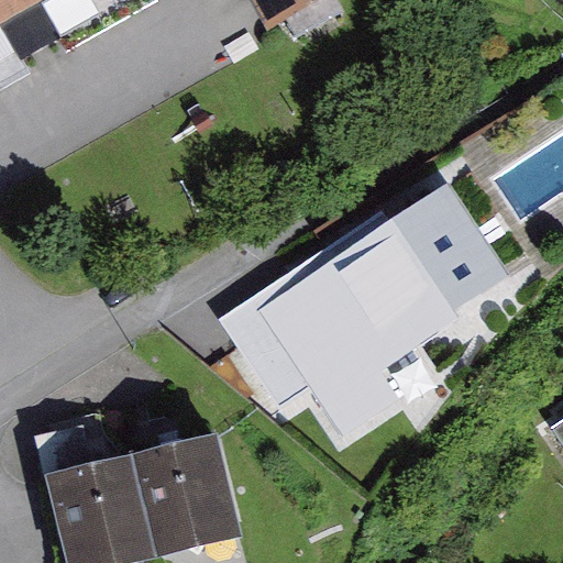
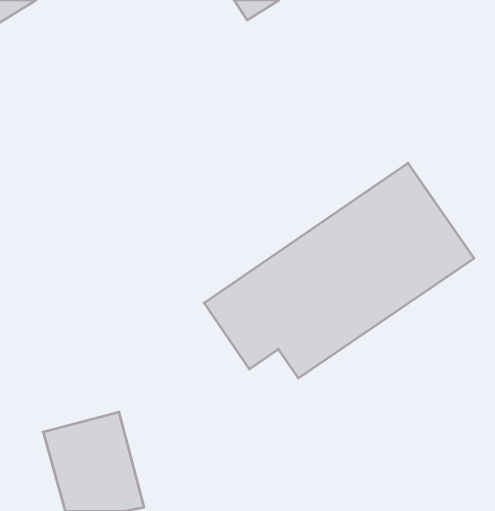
building: [131,430,241,558] -> none

